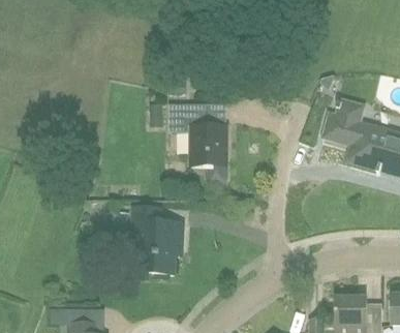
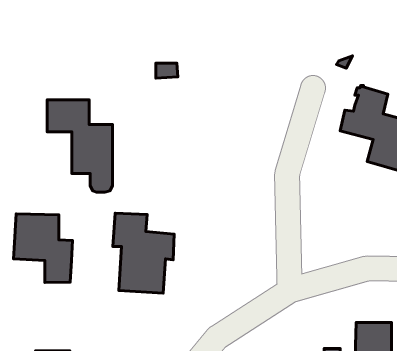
building: [171,103,225,181] -> [47,100,112,192]
building: none -> [14,214,73,282]

